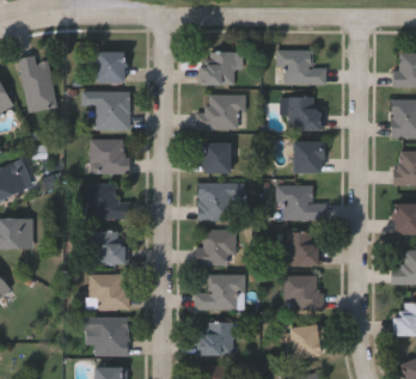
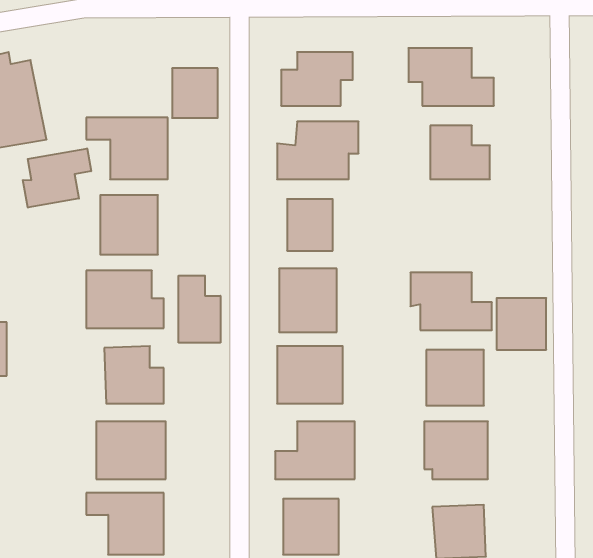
building: [96,51,123,81] -> [172,68,218,118]
building: none -> [23,148,91,208]
building: [293,141,323,172] -> [497,298,546,350]
building: none -> [179,276,220,343]

